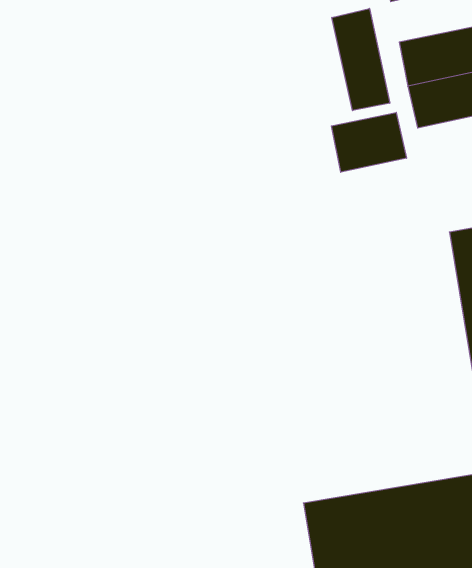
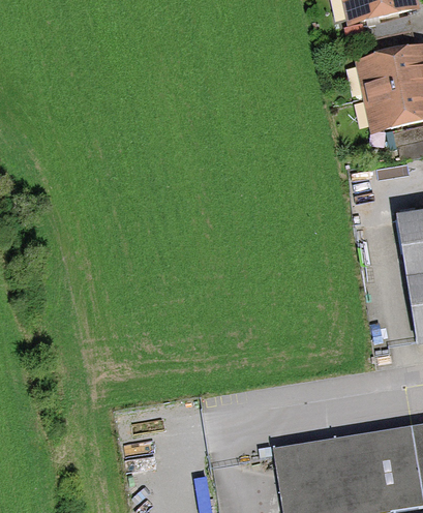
building: [332,8,390,111] -> none
building: [331,112,406,172] -> none

